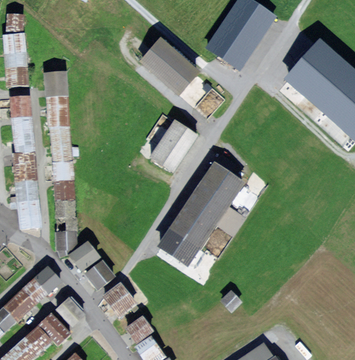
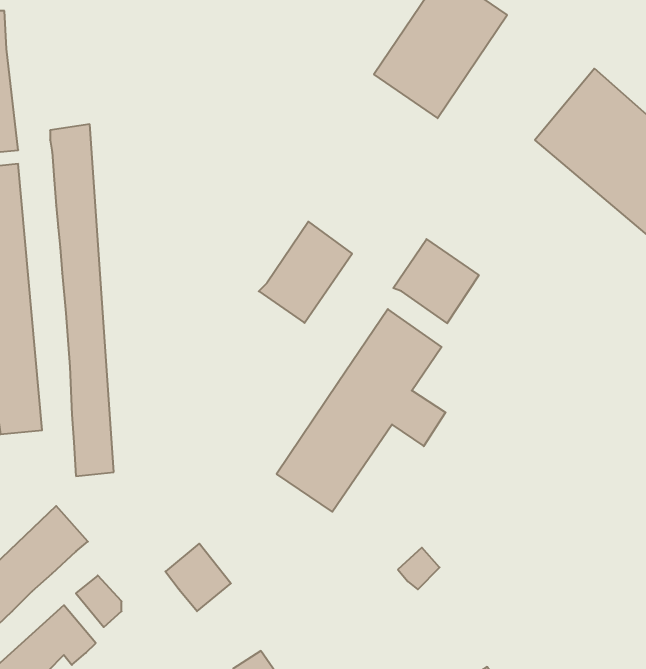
building: [143,41,198,94] -> none
building: none -> [393,239,479,323]
building: [70,242,99,270] -> none
building: [86,260,116,289] -> none
building: [124,312,154,341] -> none

